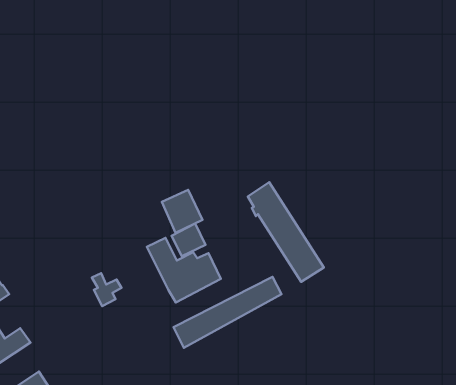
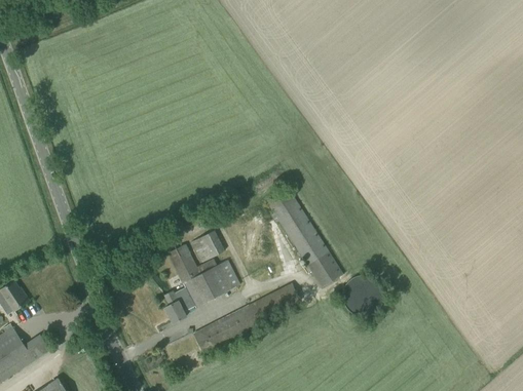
building: [162,190,202,233] -> none
building: none -> [342,275,377,312]
building: [92,273,122,306] -> [163,289,193,322]

